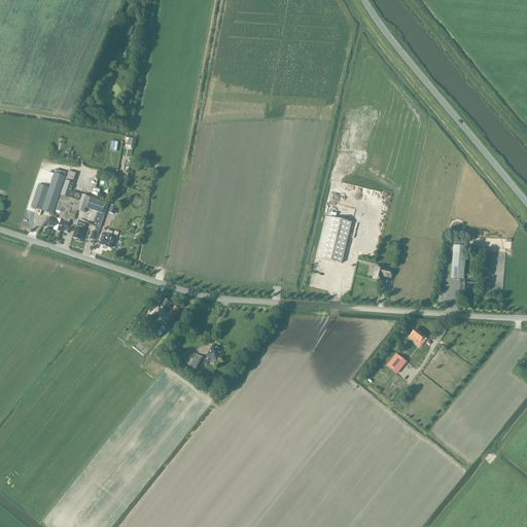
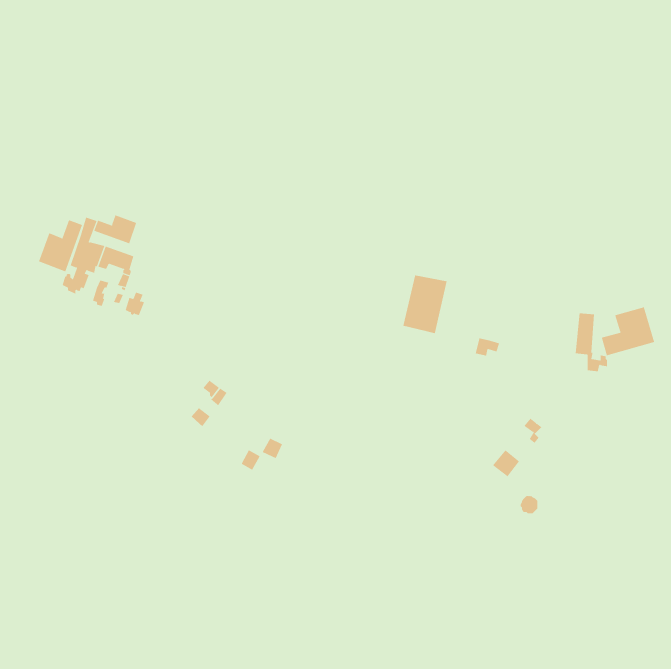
building: none -> [94,214,137,244]
building: none -> [601,306,655,356]

